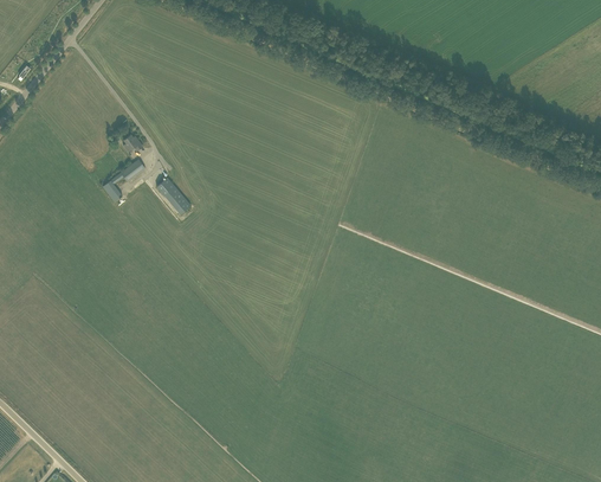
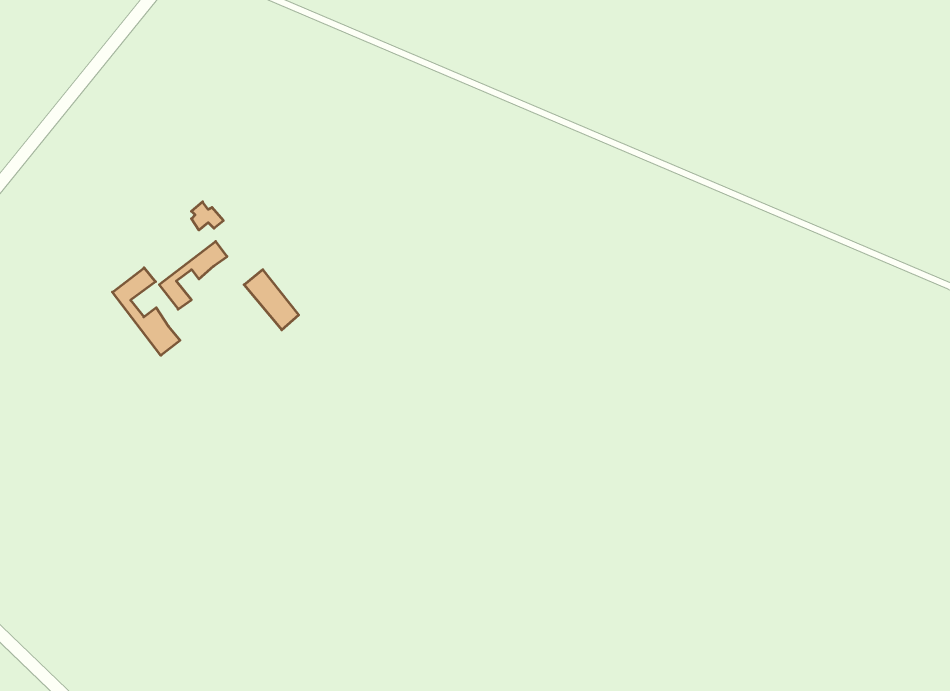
building: none -> [112,268,180,355]

